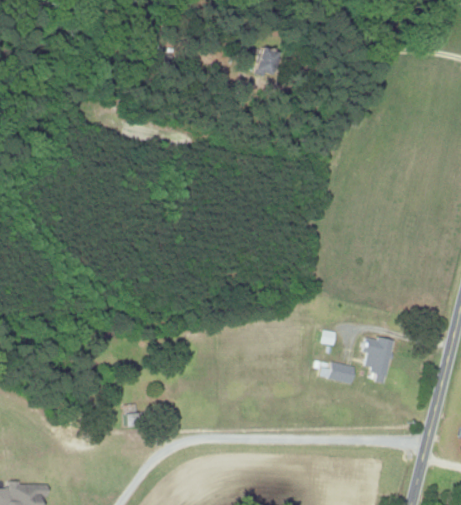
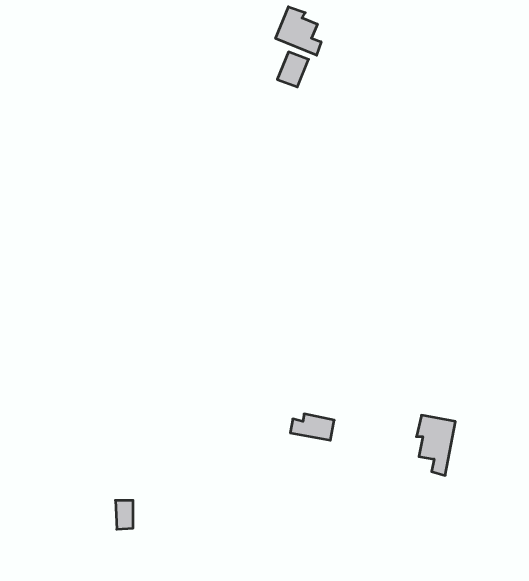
building: none -> [276,7,321,55]
building: [321,363,356,384] -> [290,414,334,440]

